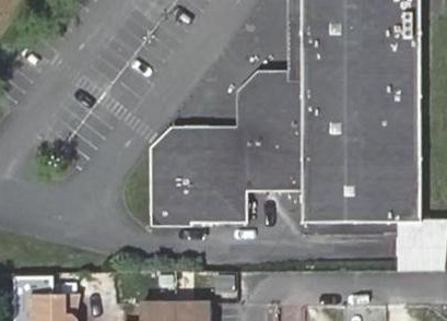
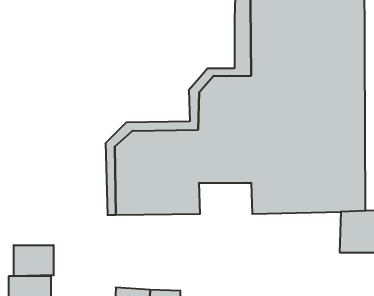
building: none -> [14,245,54,276]

